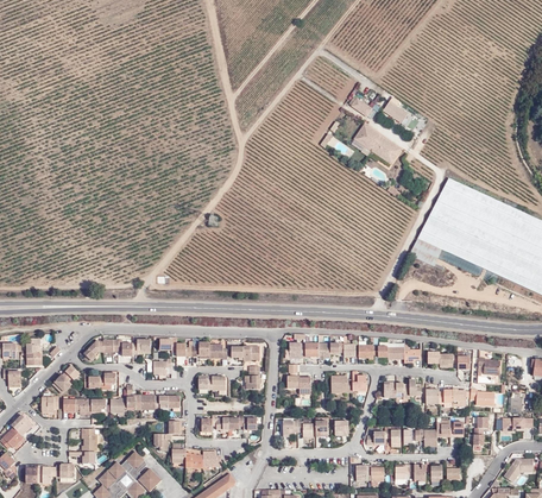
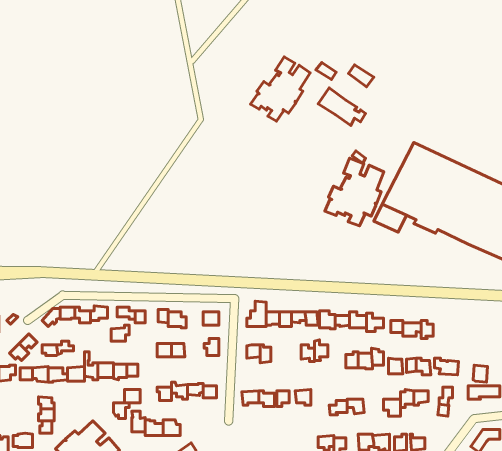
building: none -> [250,57,310,121]
building: none -> [325,158,384,226]

